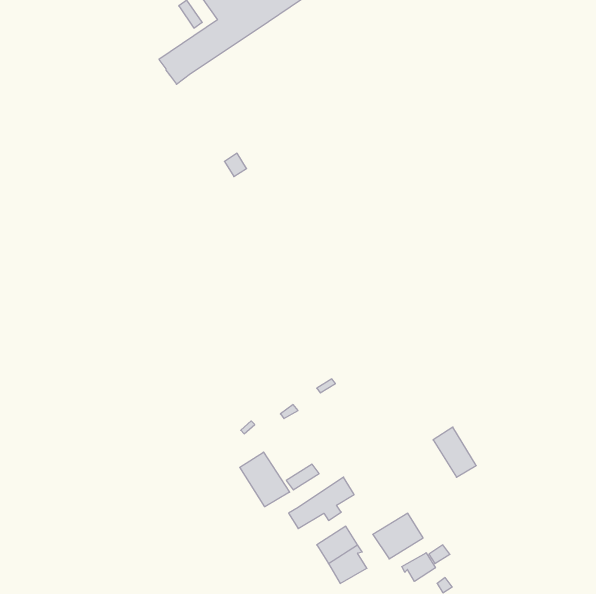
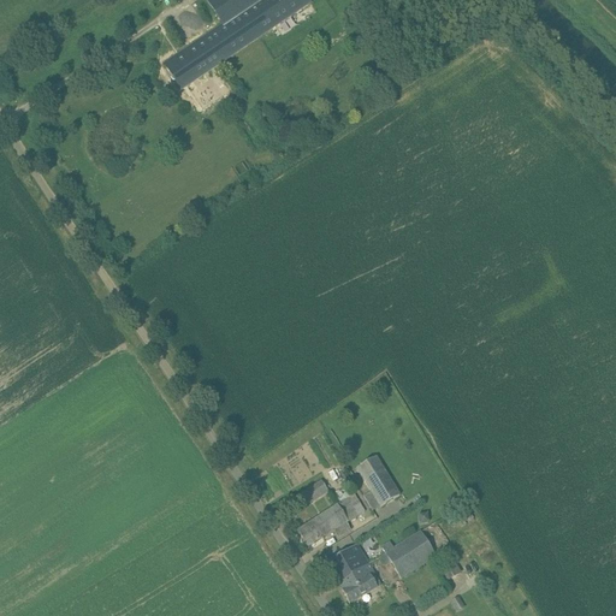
building: [433,427,476,477] -> [357,454,402,505]
building: [240,452,290,507] -> none
building: [402,553,435,581] -> none

